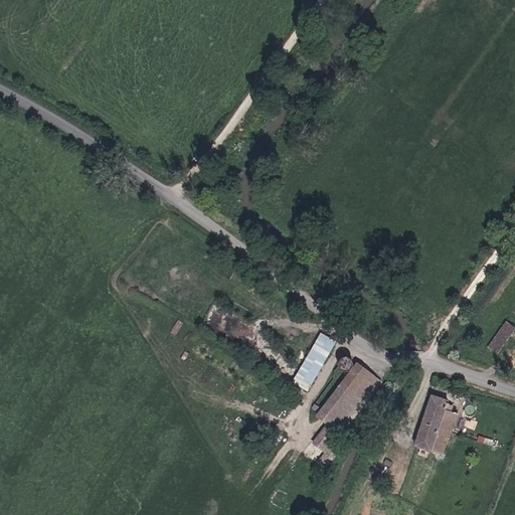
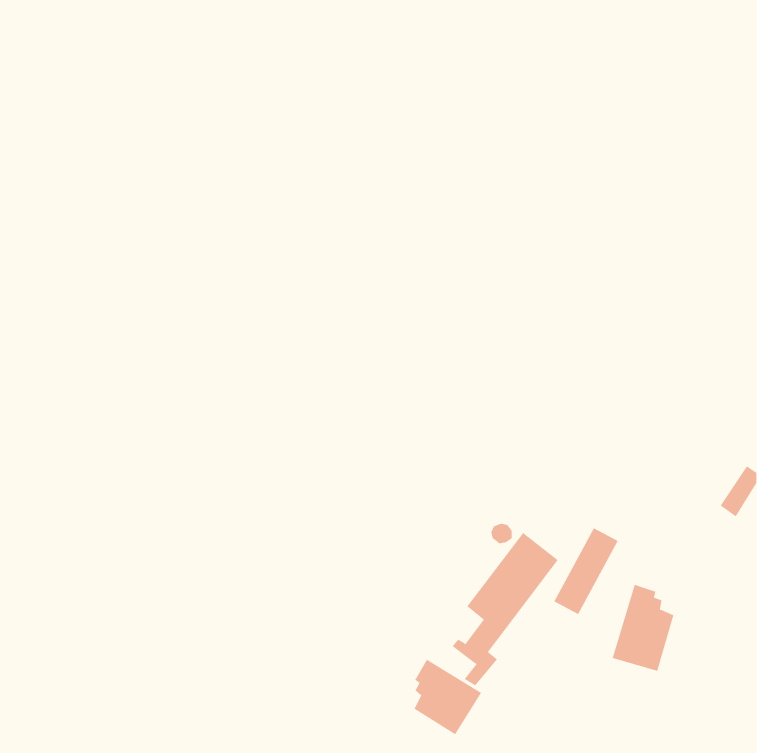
building: [294,328,338,387] -> [553,528,619,615]
building: none -> [414,659,482,735]

